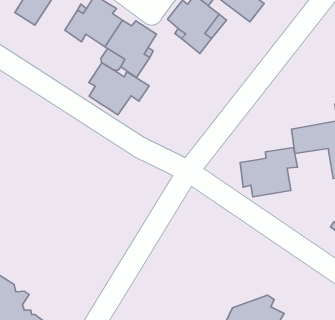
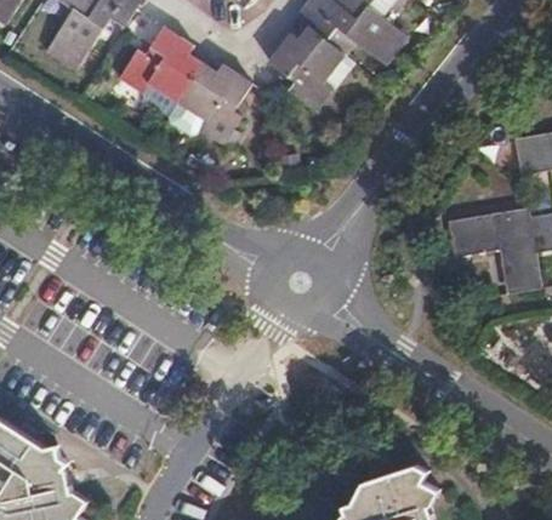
building: [89,63,149,115] -> none
building: [240,148,298,197] -> none

